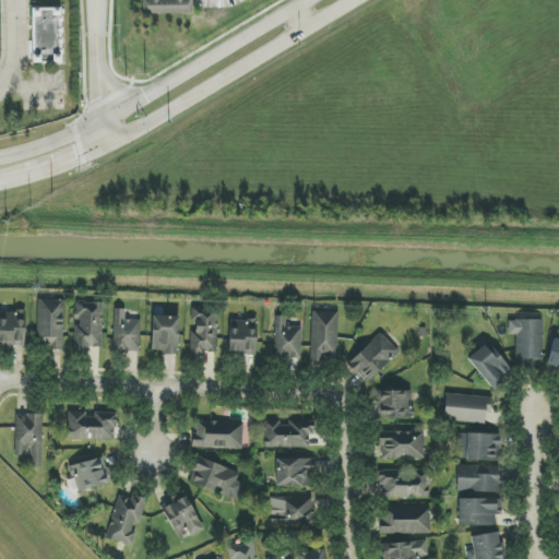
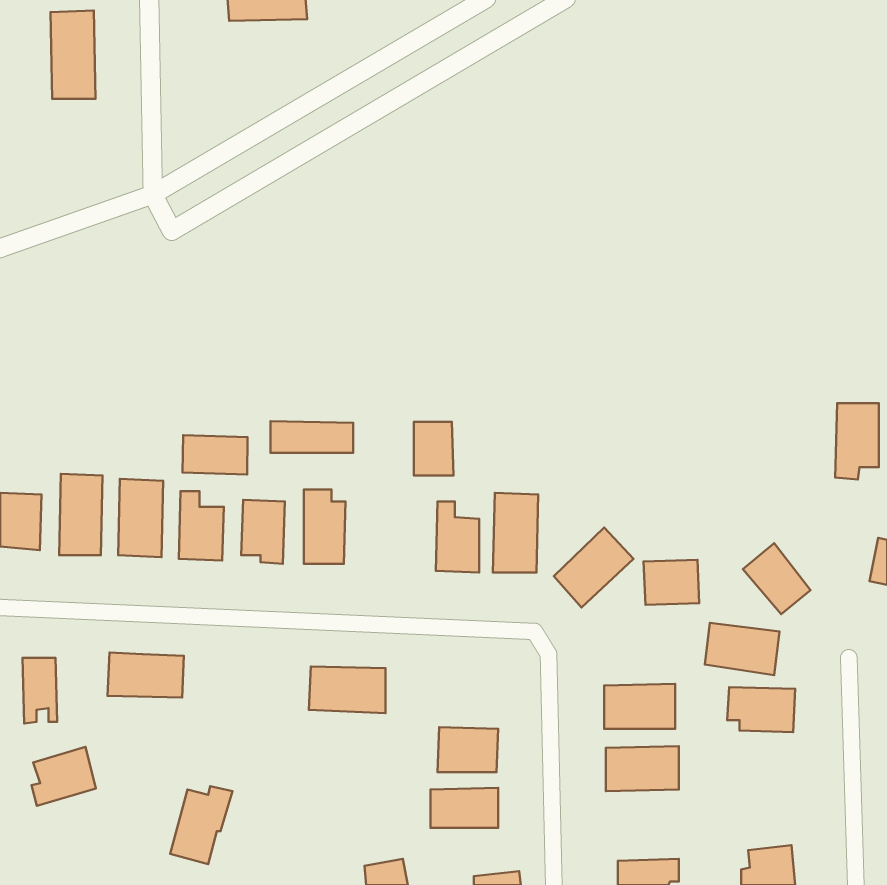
building: none -> [270,421,353,453]
building: none -> [182,435,248,475]
building: [515,319,543,367] -> [835,403,879,479]
building: [229,320,254,354] -> [414,422,454,476]
building: [378,390,413,418] -> [644,560,699,605]
building: [265,419,313,448] -> none
building: [67,456,107,493] -> [32,747,96,806]
building: [189,457,245,500] -> none
building: [457,465,501,491] -> none
building: [160,491,203,537] -> none
building: [459,498,499,525] -> none
building: [381,507,430,533] -> none

